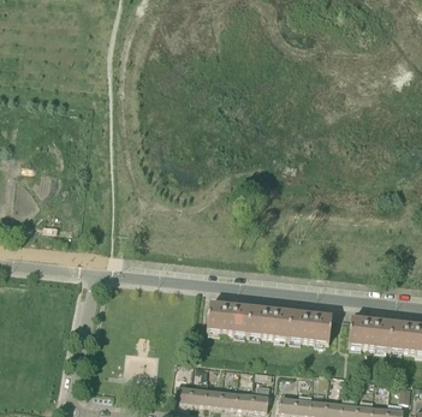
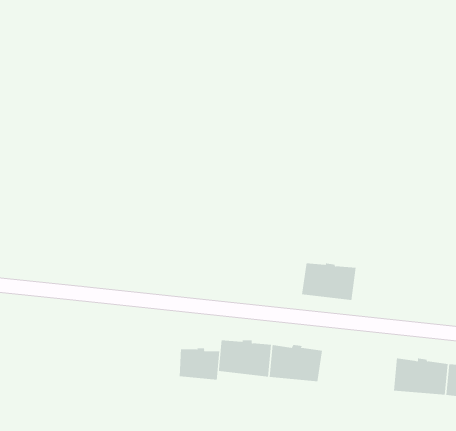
building: none -> [179,347,220,381]
building: [287,312,332,342] -> [301,263,357,300]

